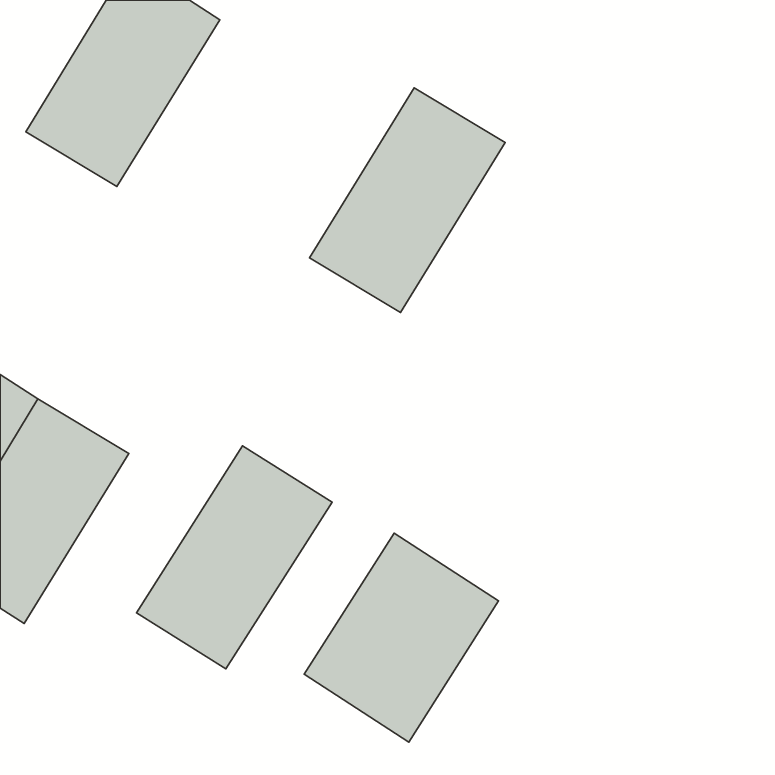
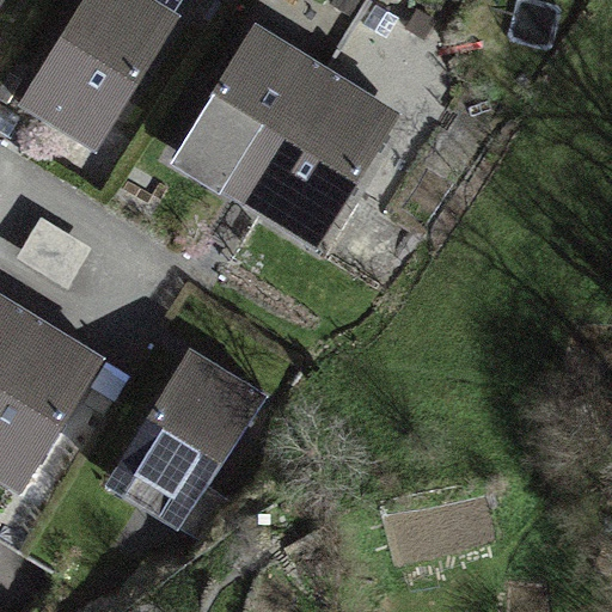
building: none -> [173,26,326,203]
building: [304,533,499,742] -> none

